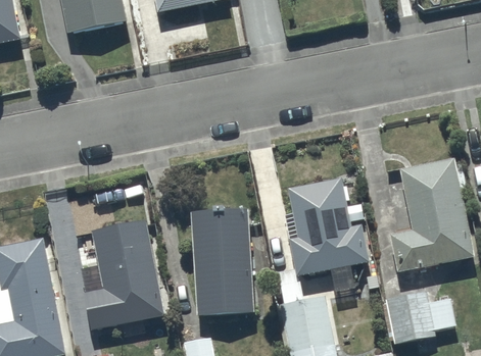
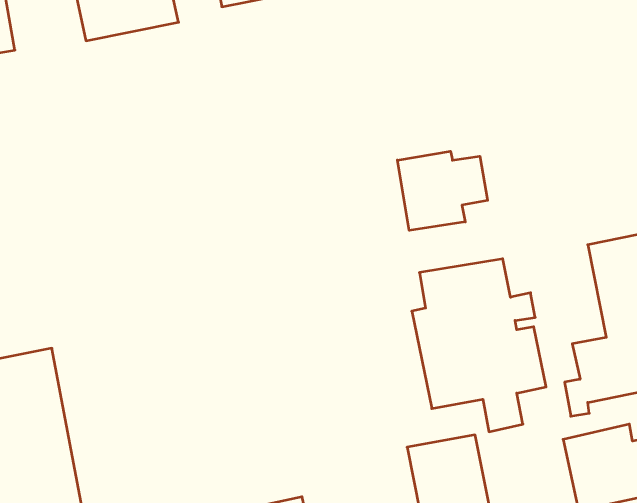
building: none -> [397,151,488,230]
building: [190,203,255,316] -> none
building: [79,218,167,330] -> none

